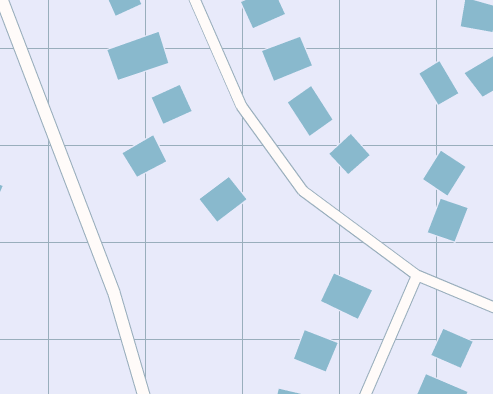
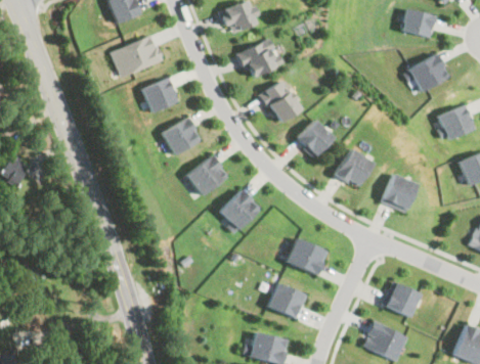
building: [419,60,459,106] -> none
building: [122,135,167,178] -> [163,119,201,154]
building: [422,150,466,196] -> [333,149,369,188]
building: none -> [220,191,259,230]

